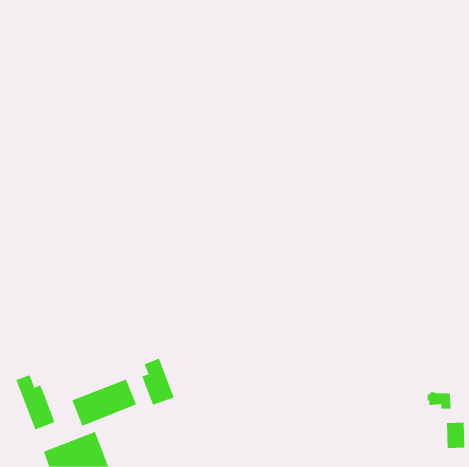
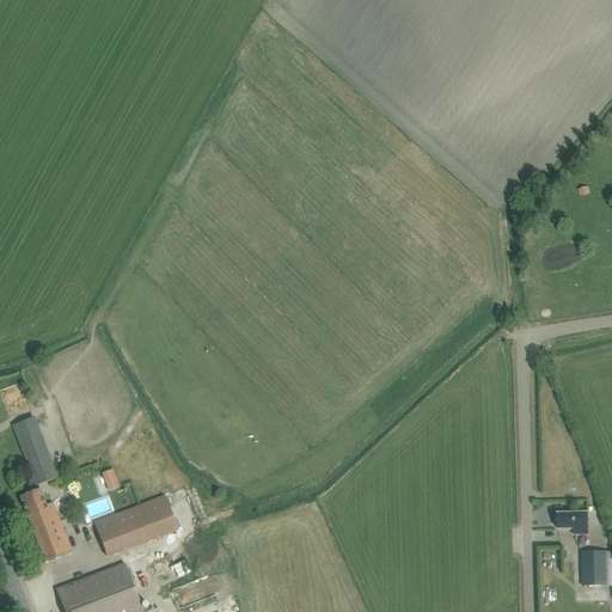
building: none -> [12,416,56,484]
building: [142,358,174,406] -> none

